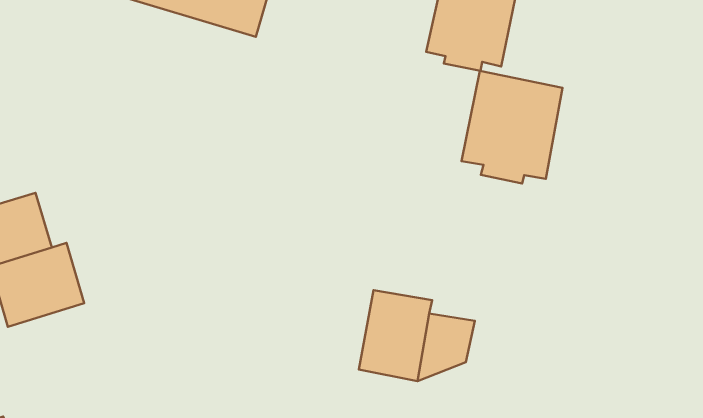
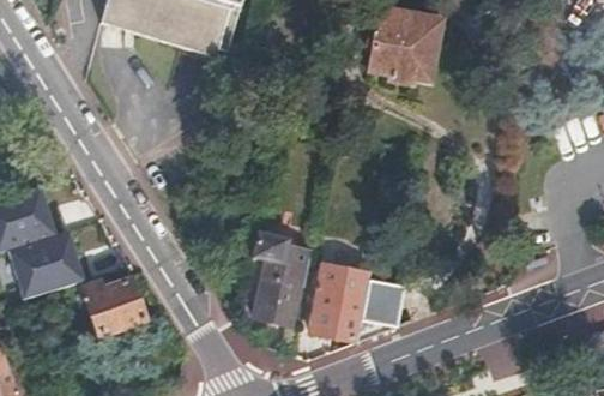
building: [462,71,563,183] -> none
building: none -> [253,240,312,325]
building: none -> [84,271,149,330]

